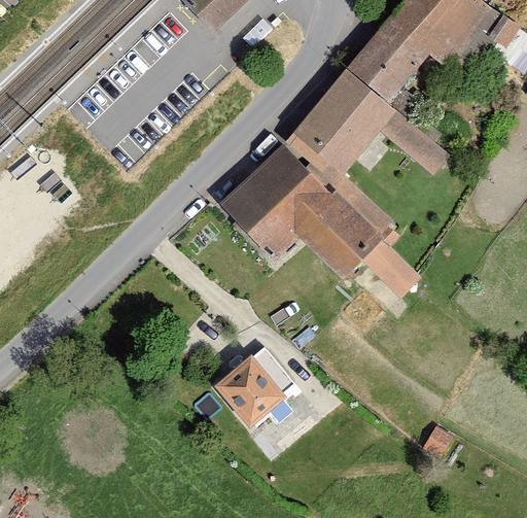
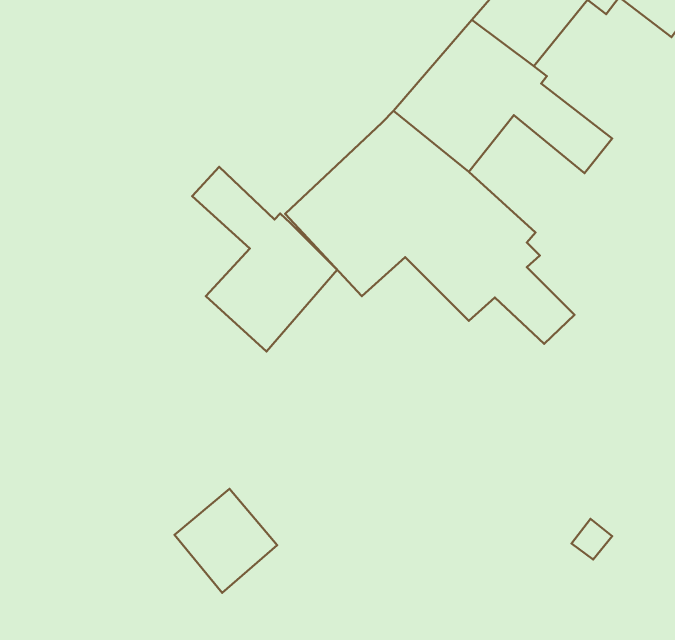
building: none -> [192,167,337,352]
building: [220,352,293,426] -> [175,489,277,593]

